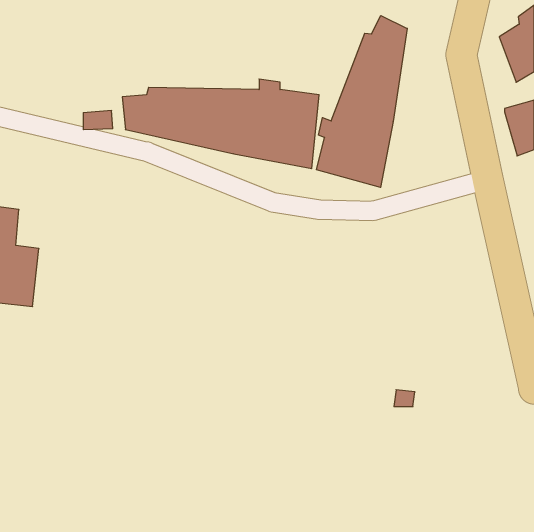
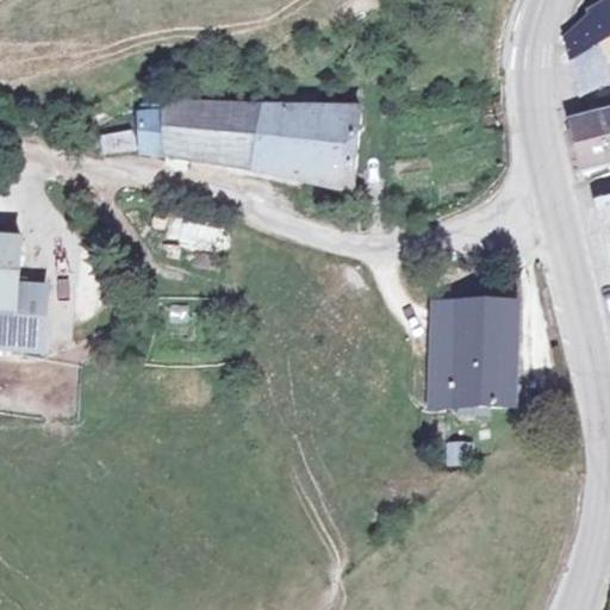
building: [317,16,407,187] -> none
building: none -> [428,304,515,407]

